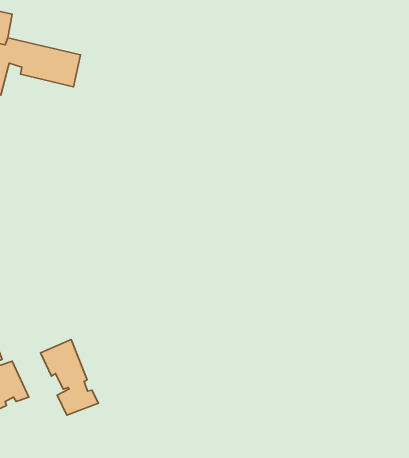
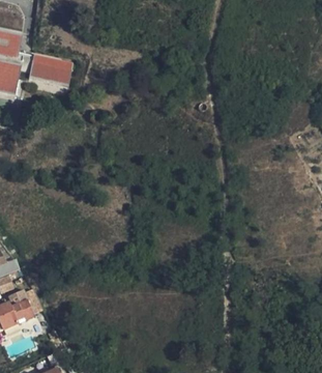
building: [41,339,98,415] -> none

